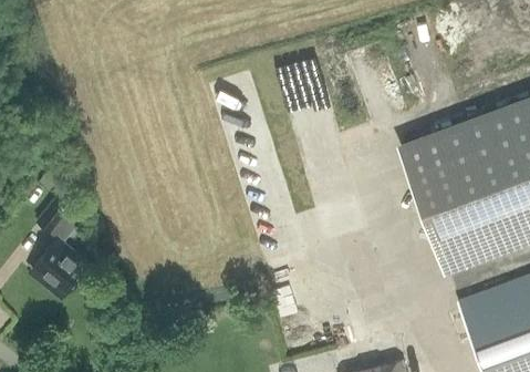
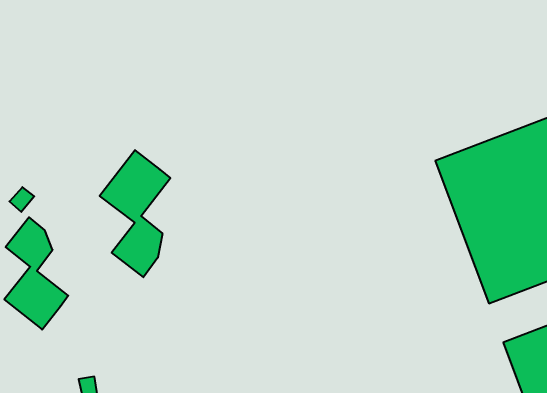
building: none -> [100,150,170,277]

